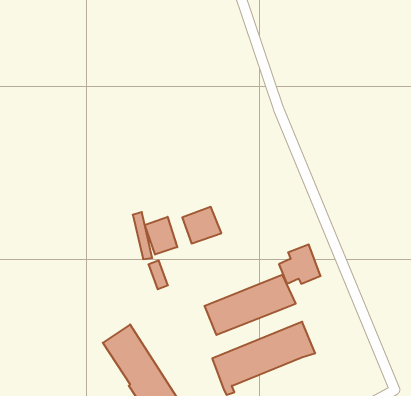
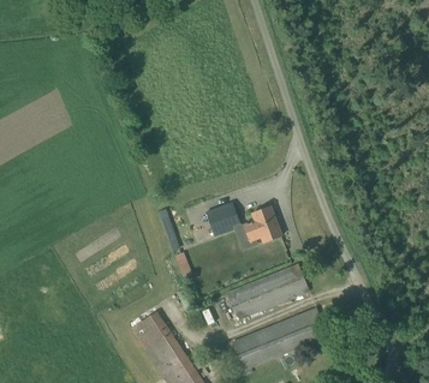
building: [145,217,177,255] -> none
building: [279,245,321,284] -> [242,205,280,241]

